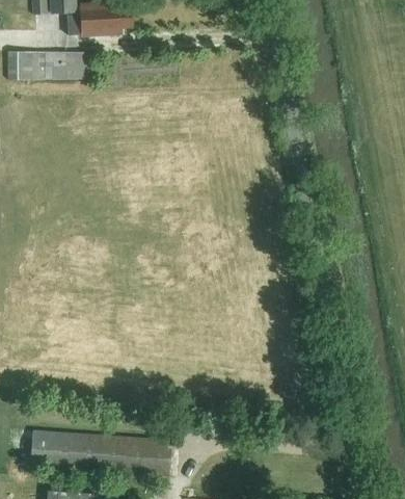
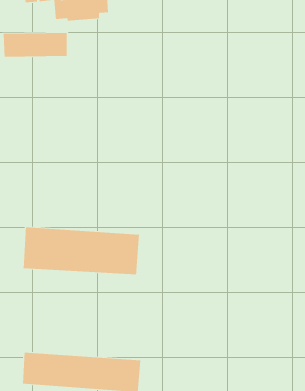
building: none -> [23,227,140,275]

